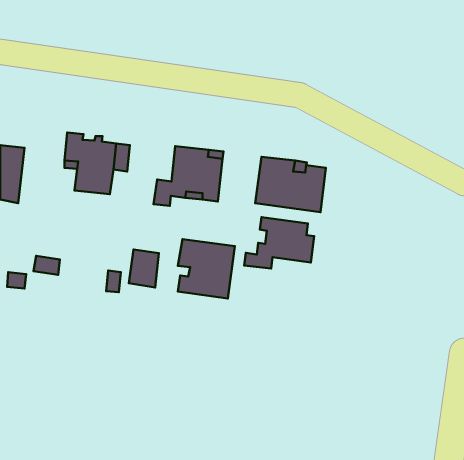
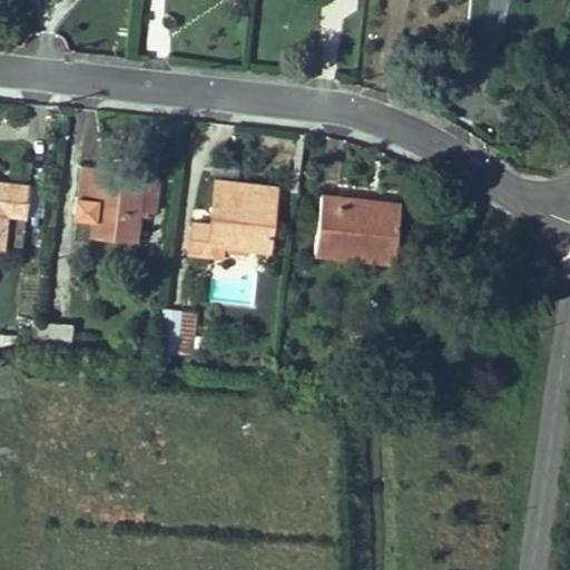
building: [244,217,314,268] -> none
building: [178,239,235,299] -> none

